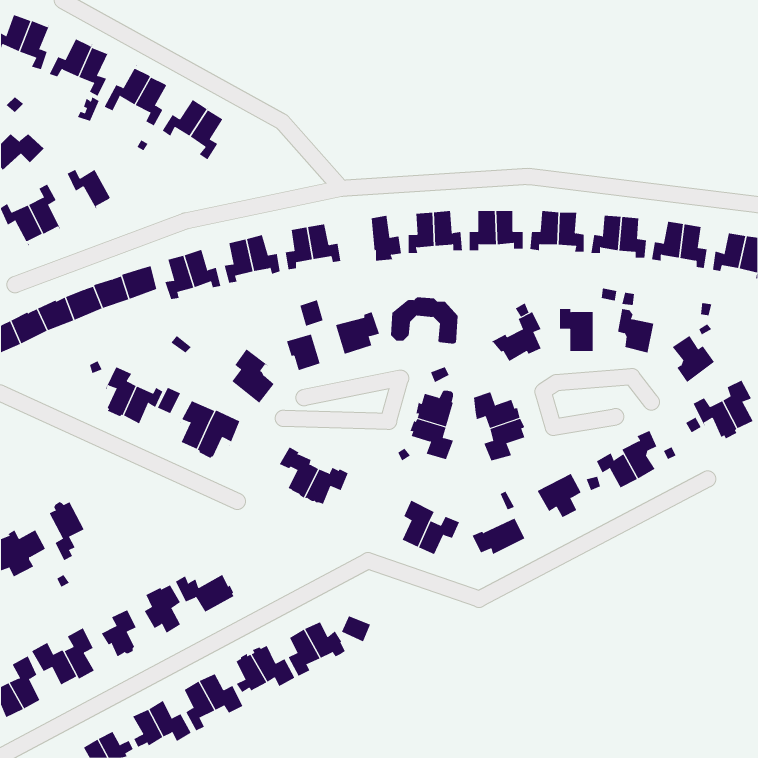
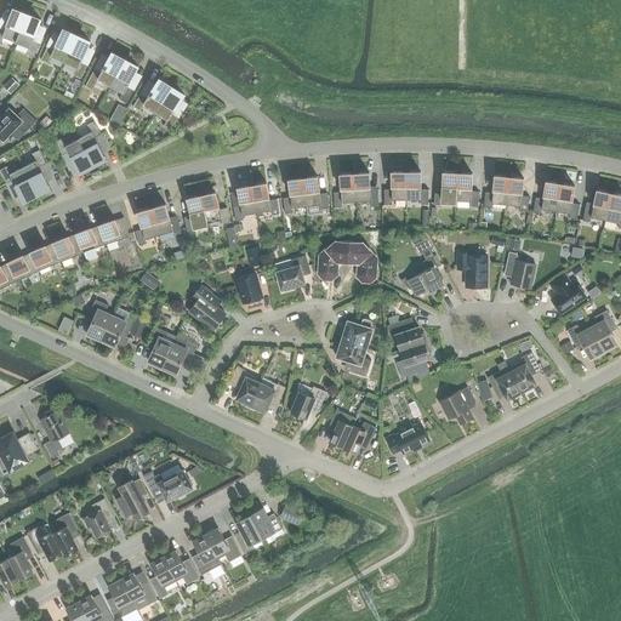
building: none -> [78,121,106,165]
building: none -> [283,178,306,213]
building: none -> [290,386,326,418]

